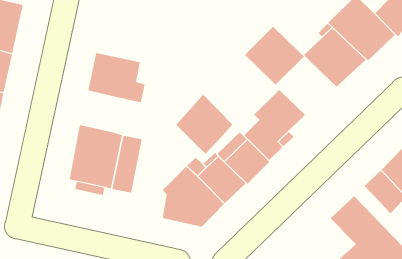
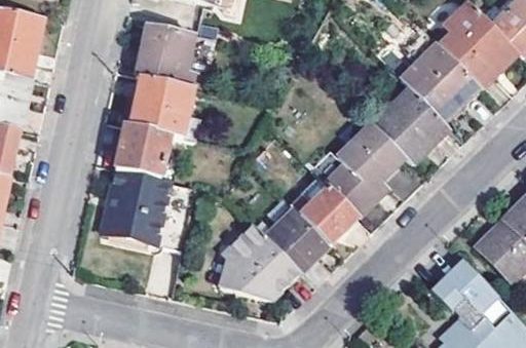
building: none -> [135,27,199,89]
building: [244,26,305,86] -> [369,88,446,164]
building: none -> [114,126,170,180]
building: [176,94,233,155] -> none

